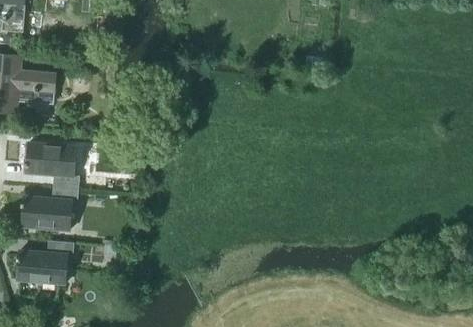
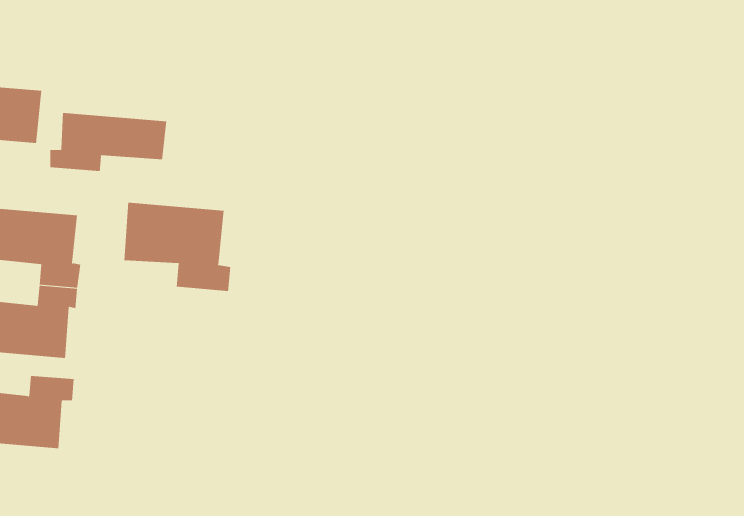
building: none -> [50,112,167,172]
building: none -> [124,202,231,292]

